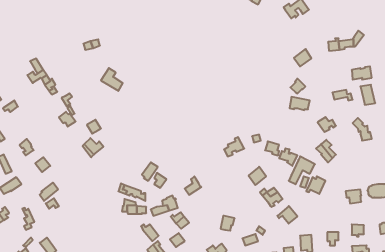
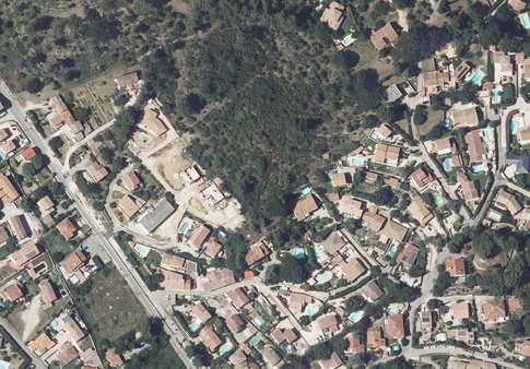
building: none -> [139,200,178,234]

